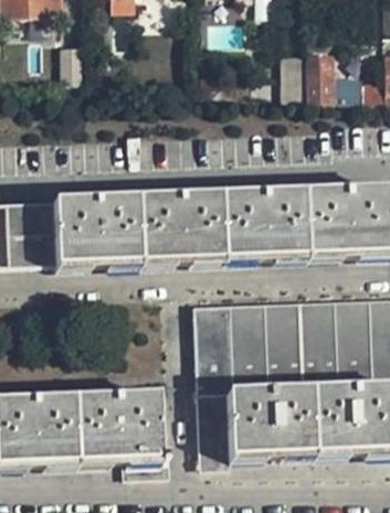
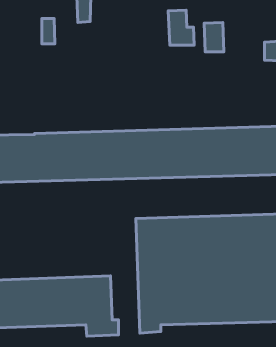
building: [310,46,346,94] -> [168,10,194,45]

